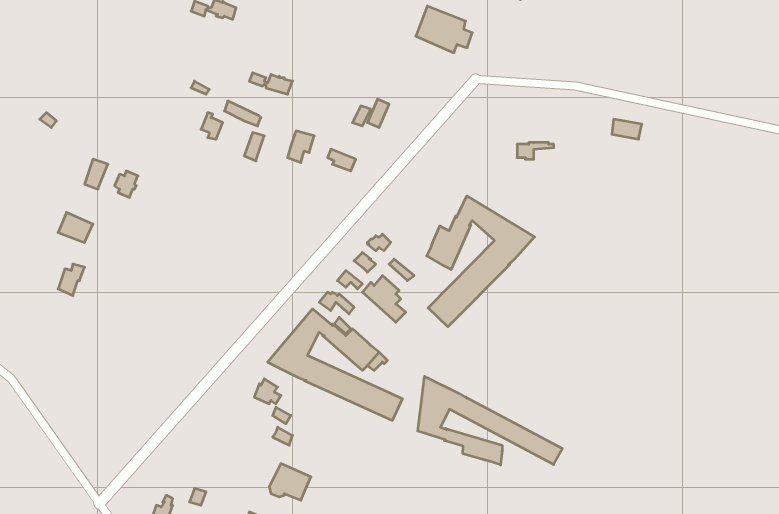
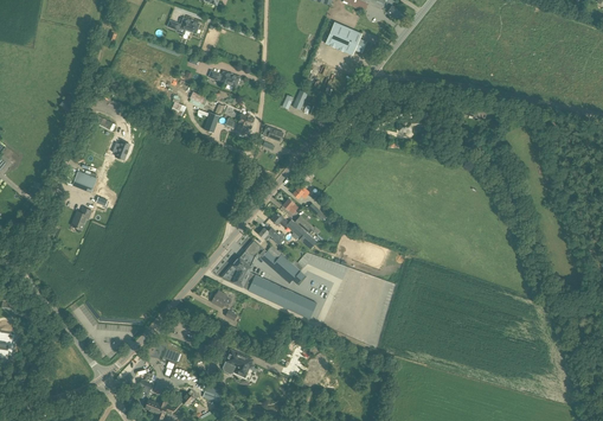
building: [427,196,535,327] -> none
building: [418,376,562,465] -> none

